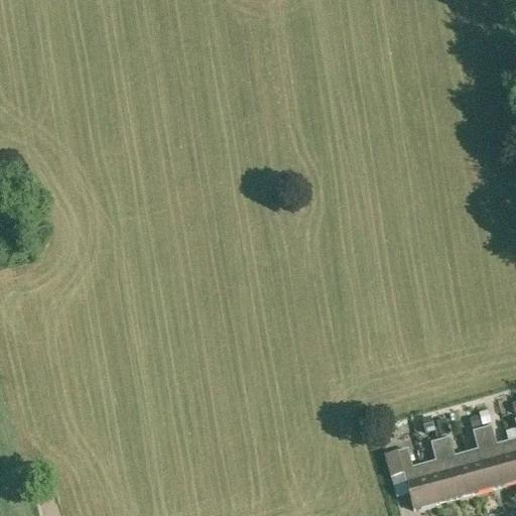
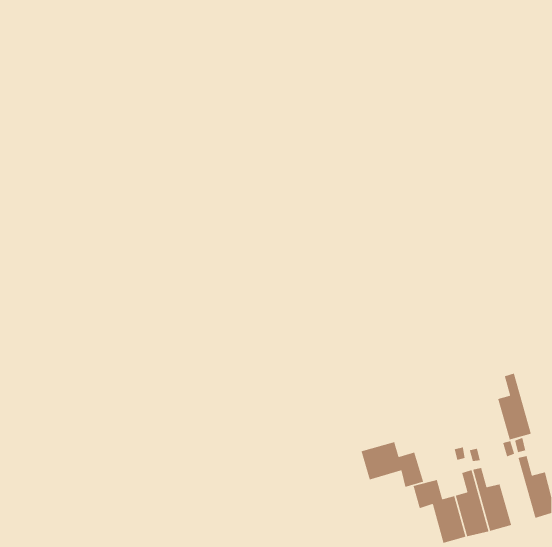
building: none -> [361,441,424,488]
building: [467,427,499,491] -> [497,373,532,441]

